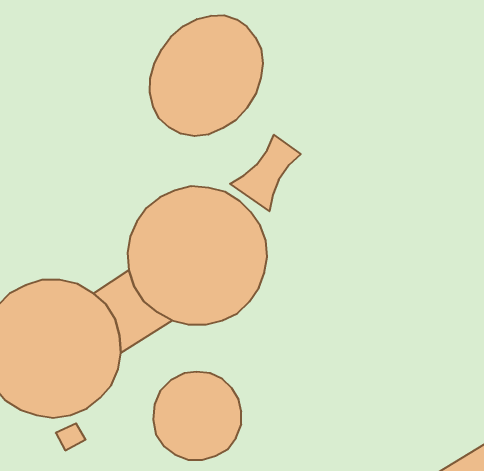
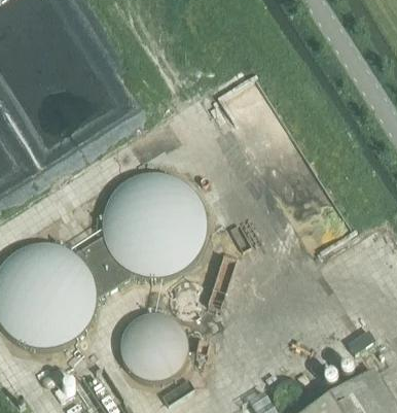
building: [150,15,263,136] -> none
building: [230,135,301,211] -> none

